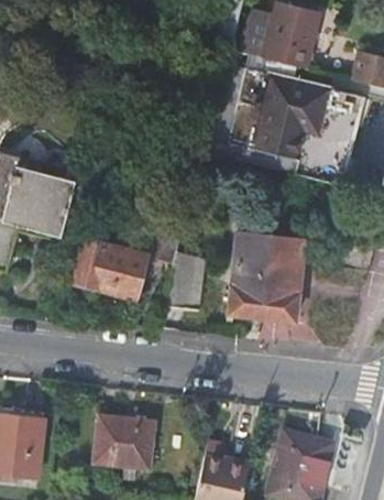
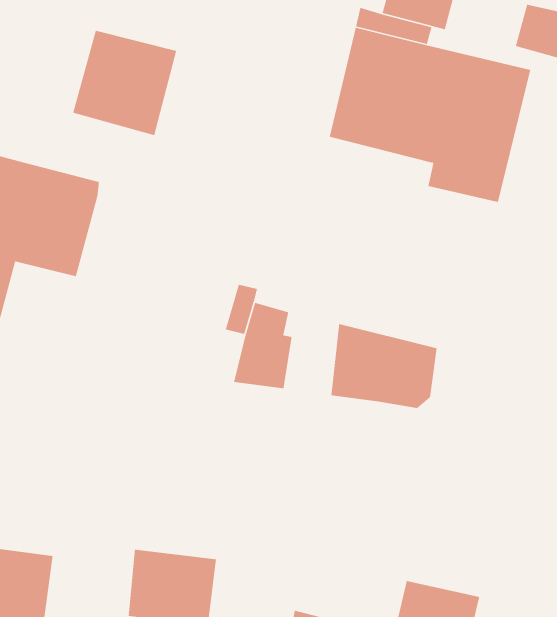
building: none -> [72,30,177,136]
building: [234,230,306,282] -> none
building: [73,237,146,293] -> none

